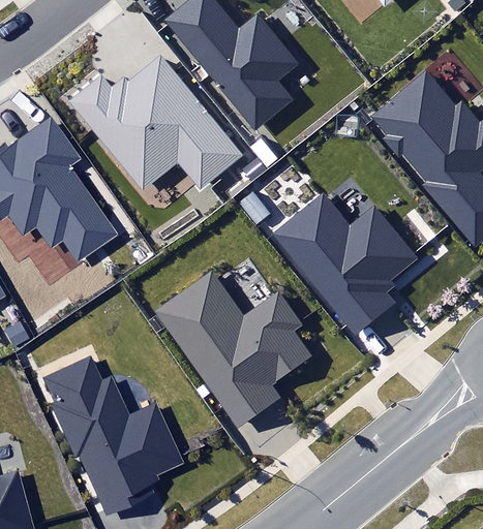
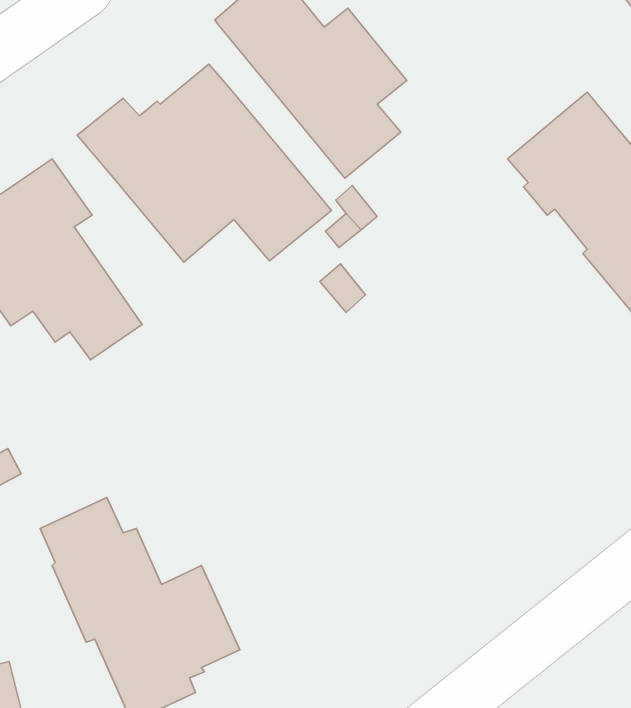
building: [266,185,419,340] -> none
building: [153,268,313,427] -> none

